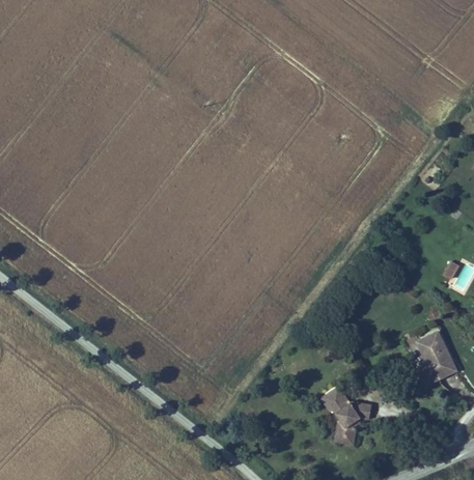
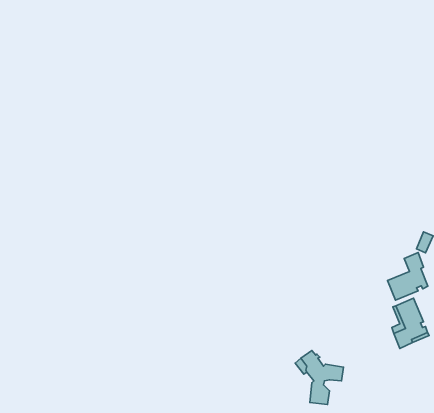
building: none -> [388,252,428,300]

